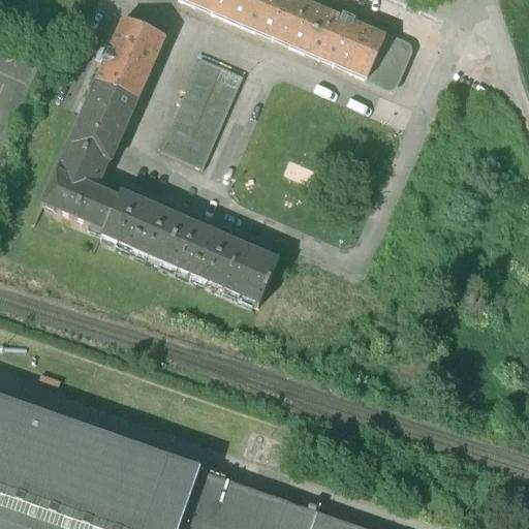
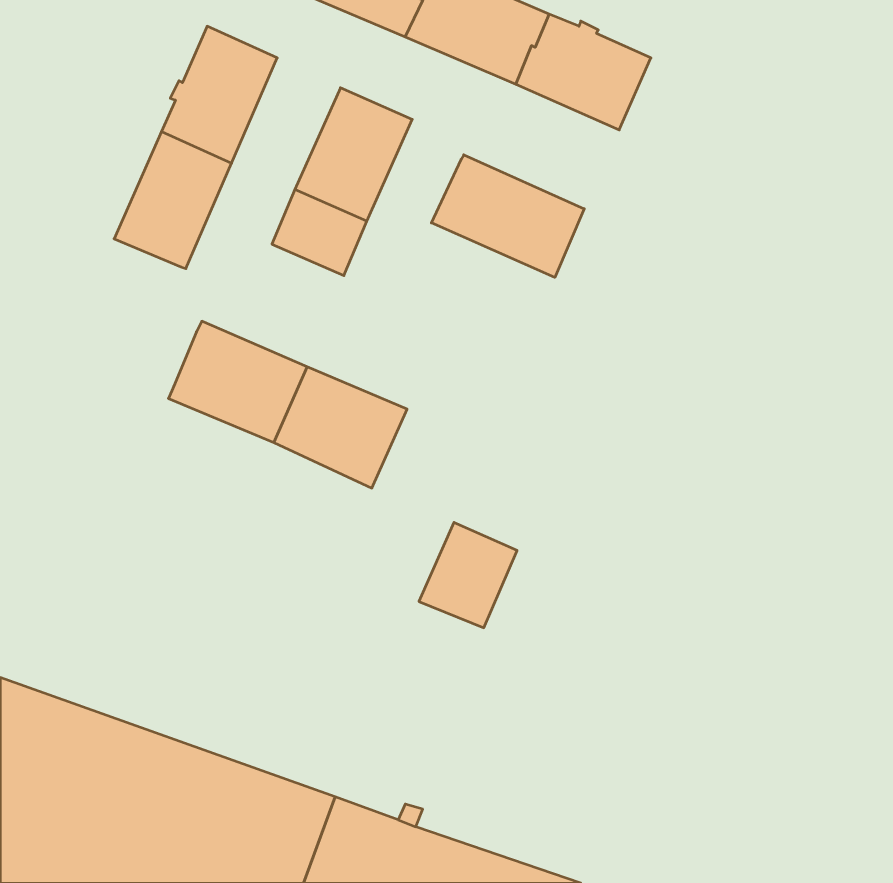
building: [367,33,409,85] -> none
building: none -> [431,155,584,277]
building: [42,139,118,227] -> none
building: [221,241,279,303] -> [419,522,517,628]

